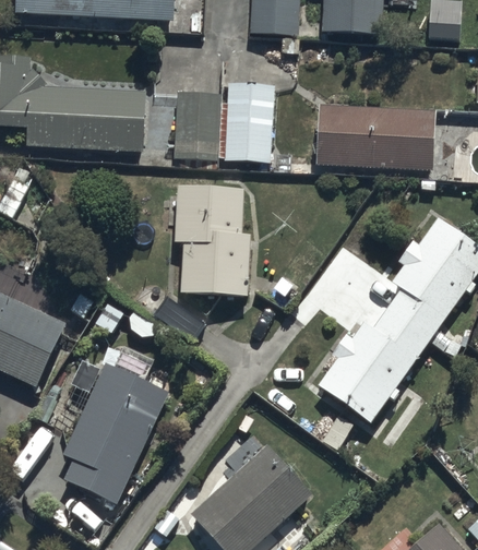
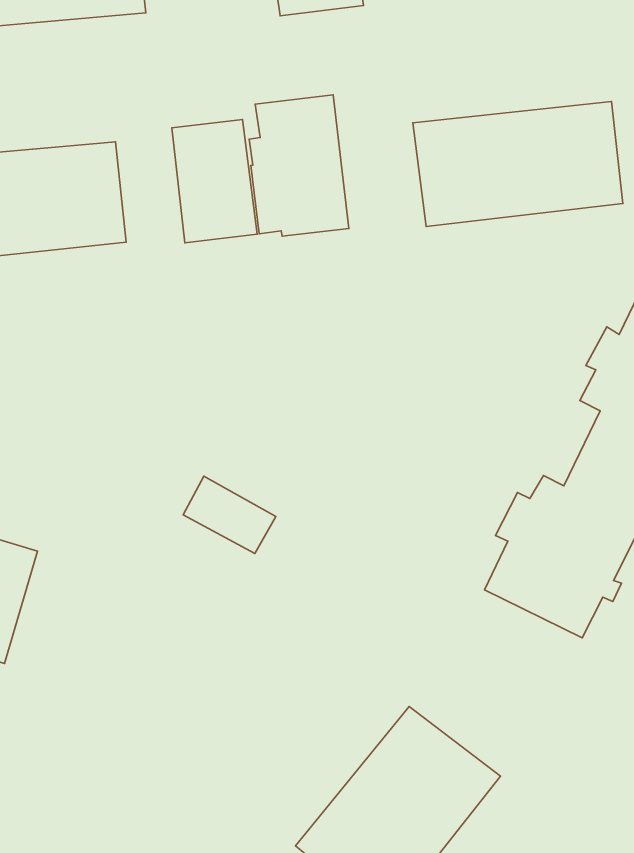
building: [177,187,251,295] -> none
building: [64,362,168,501] -> none

